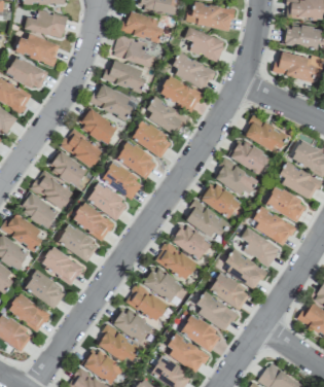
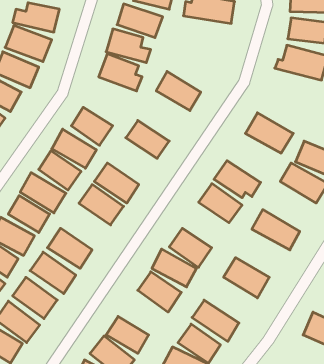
building: [184,27,226,62] -> none
building: [170,51,215,90] -> none
building: [88,82,137,120] -> none
building: [145,100,190,133] -> none
building: [229,138,269,174] -> none
building: [116,142,157,178] -> none
building: [265,187,307,220] -> none
building: [185,201,229,240] -> none
building: [71,203,114,240] -> none
building: [241,228,281,267] -> none
building: [209,272,251,310] -> none
building: [125,283,168,322] -> none

